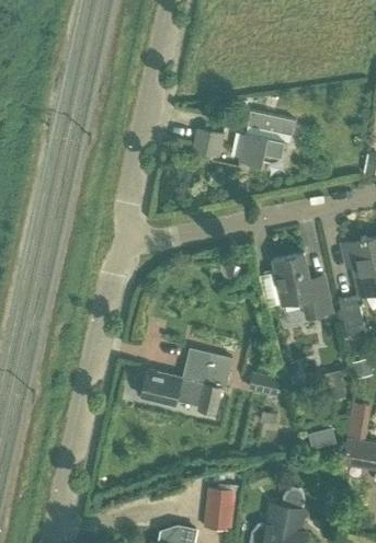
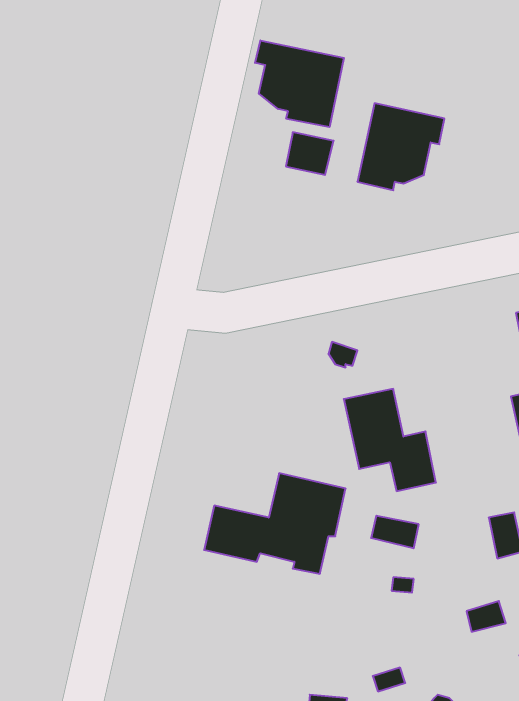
building: none -> [255,40,344,127]
building: [273,253,332,319] -> [344,389,436,491]

